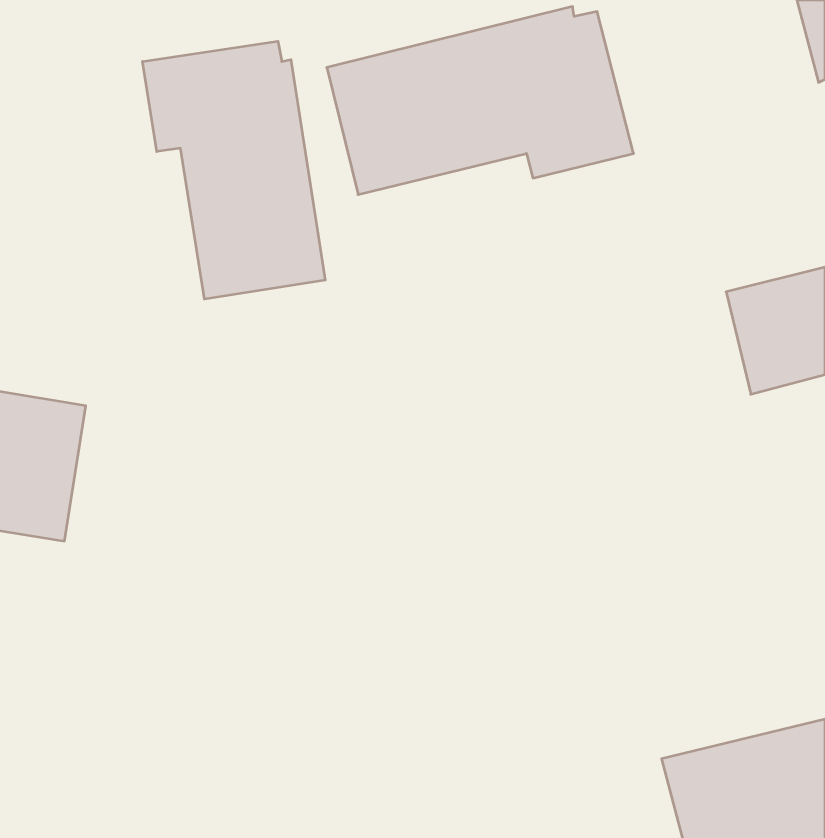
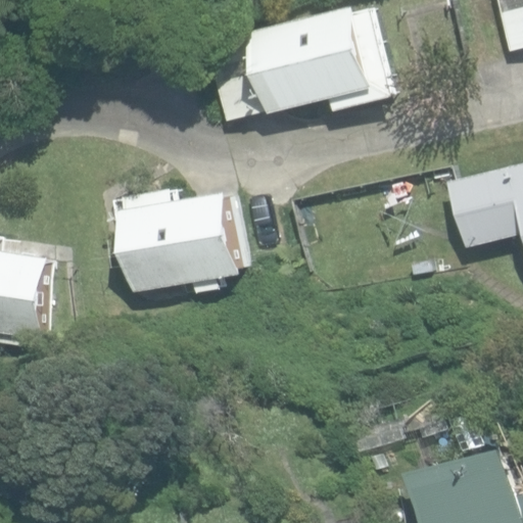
building: [143,41,325,299] -> none
building: none -> [120,189,243,289]

